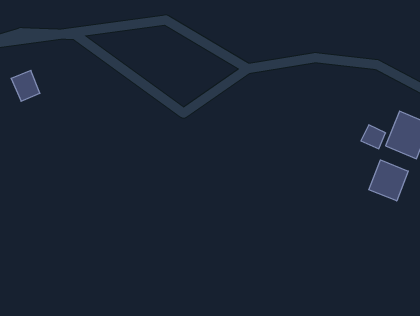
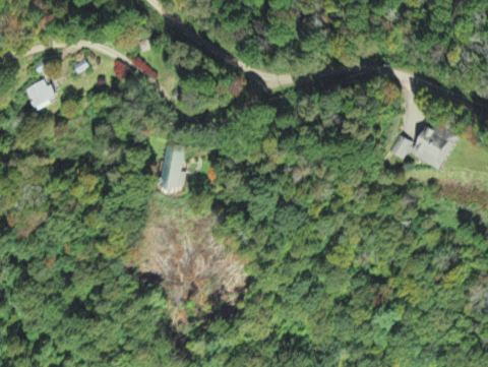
building: none -> [162,145,185,189]
building: [369,160,408,201] -> none

